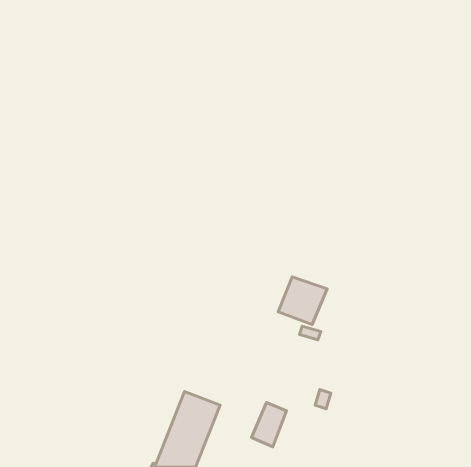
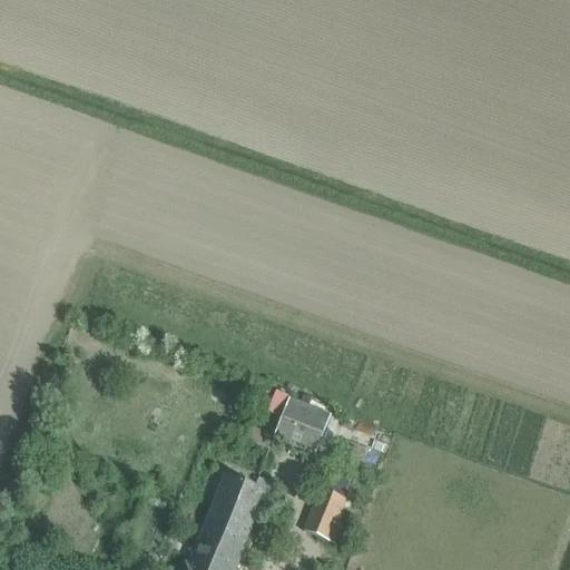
building: [278,277,327,325] -> [275,395,334,453]

